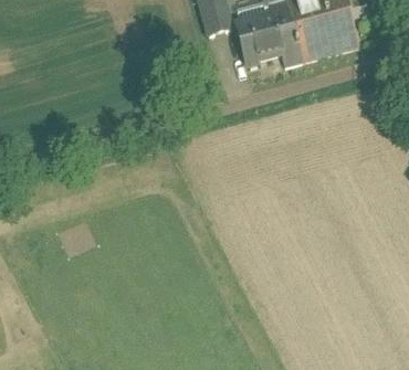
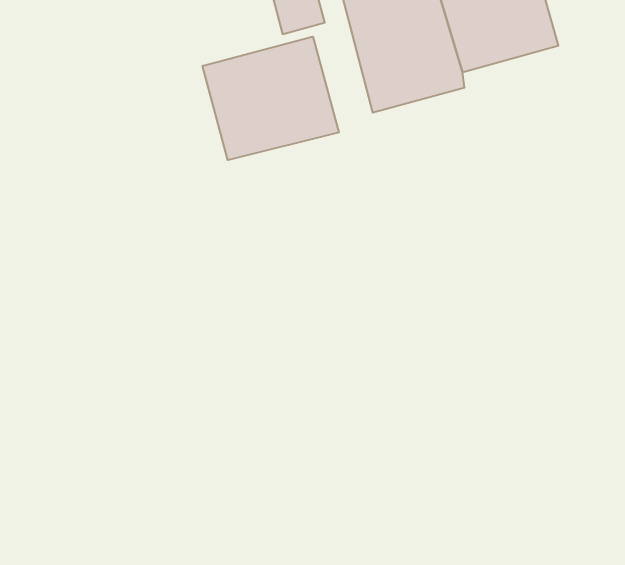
building: none -> [203,37,339,160]

